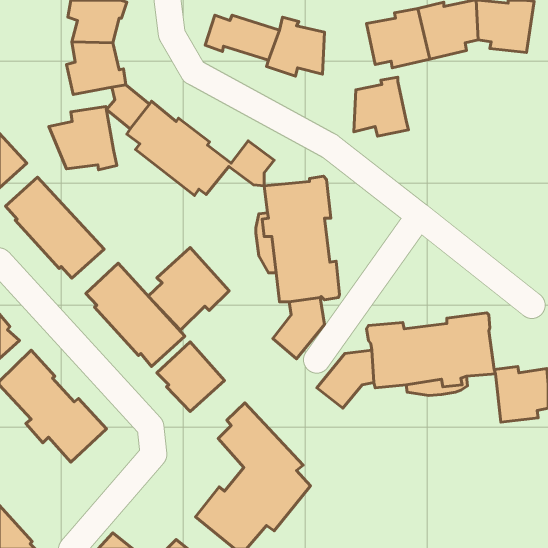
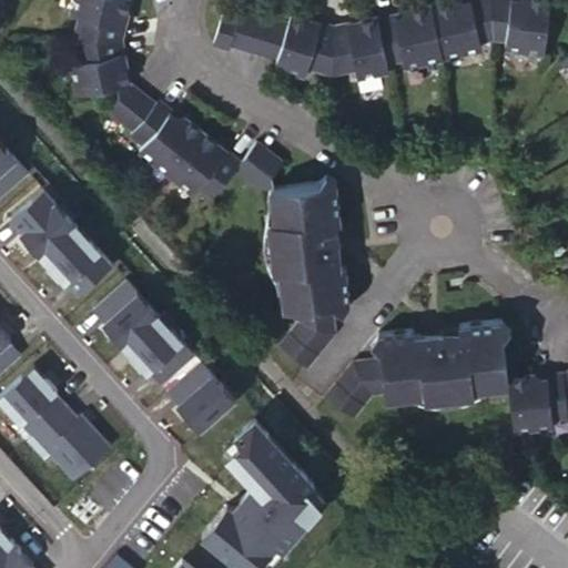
building: [354,77,409,136] -> [333,21,389,82]
building: [49,106,117,170] -> none
building: [148,247,229,330] -> none

